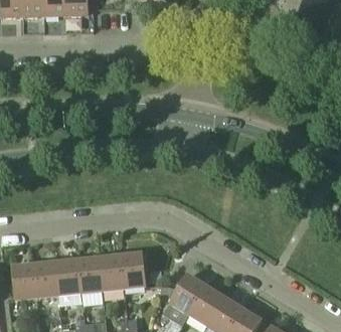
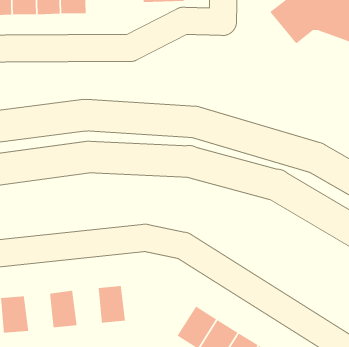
building: [120,254,146,289] -> none
building: [76,259,102,293] -> none
building: [33,264,58,298] -> none

